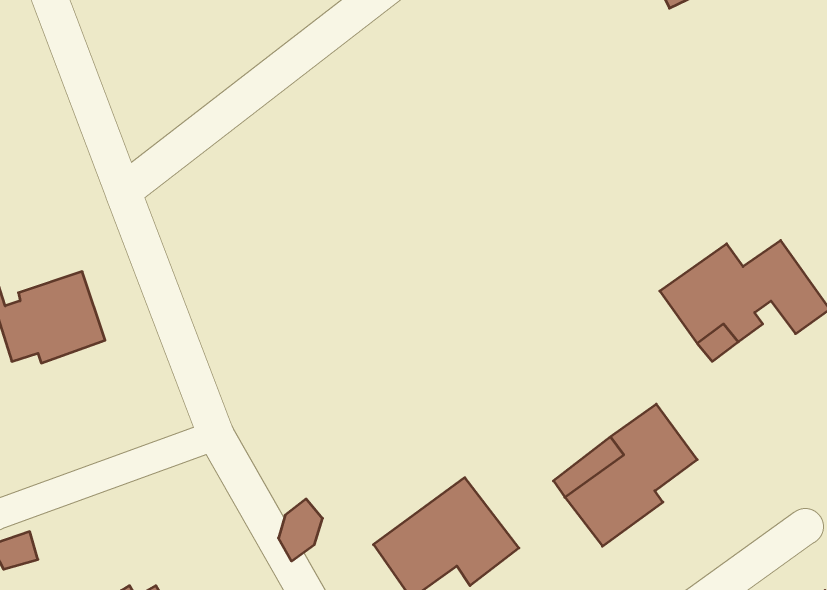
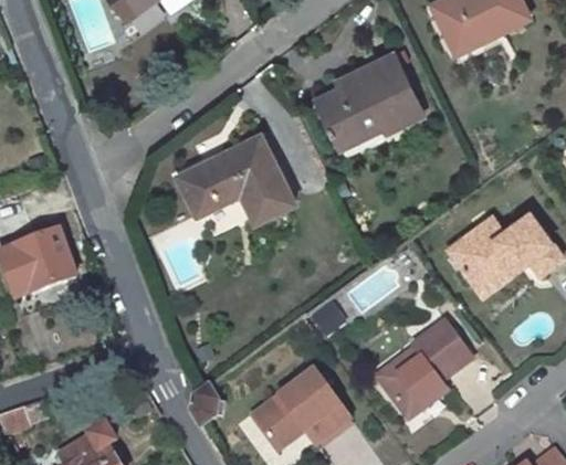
building: none -> [315,57,420,144]
building: none -> [176,139,292,225]

